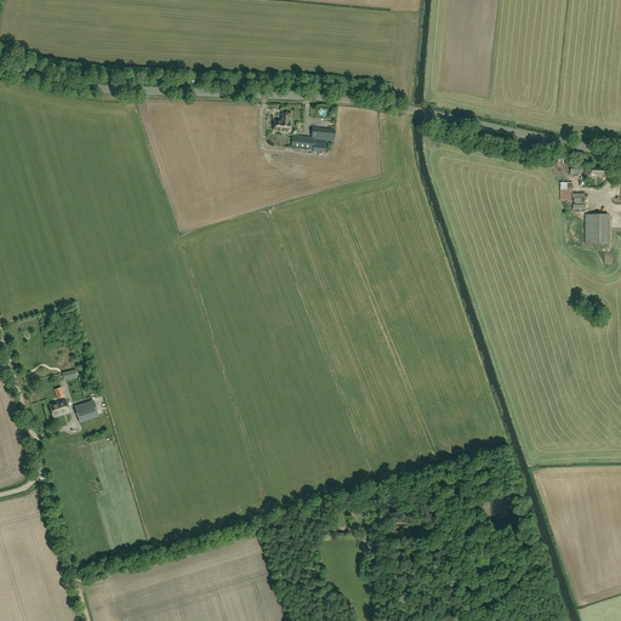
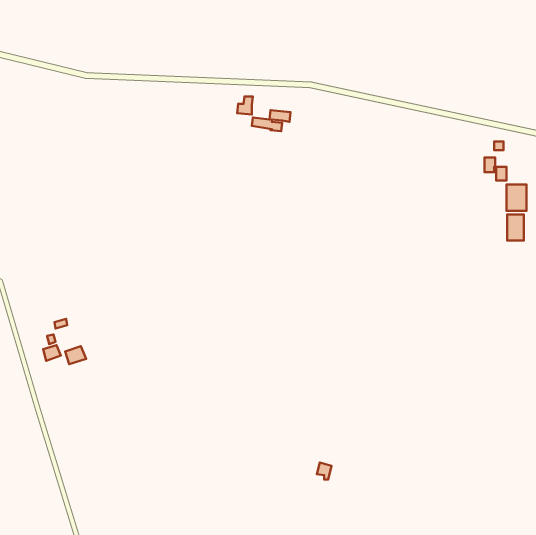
building: none -> [507,215,524,241]

